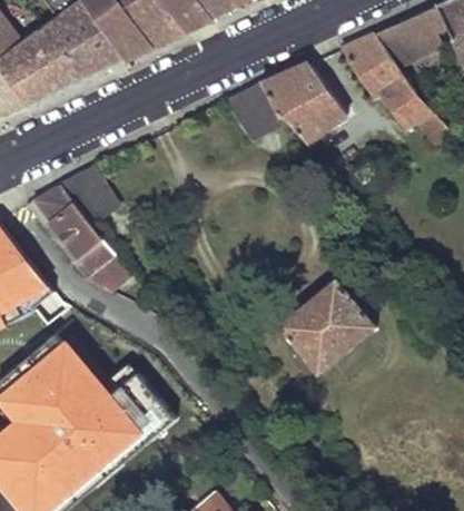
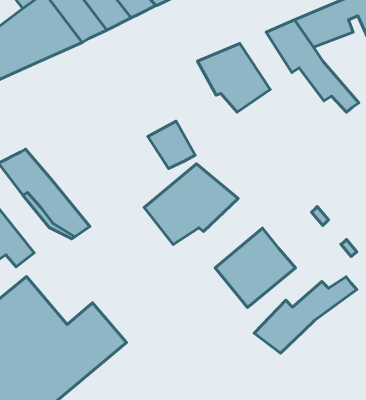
building: [226,81,282,137] -> [148,121,195,168]
building: [57,166,116,220] -> none
building: none -> [144,164,238,244]
building: none -> [254,277,357,353]

